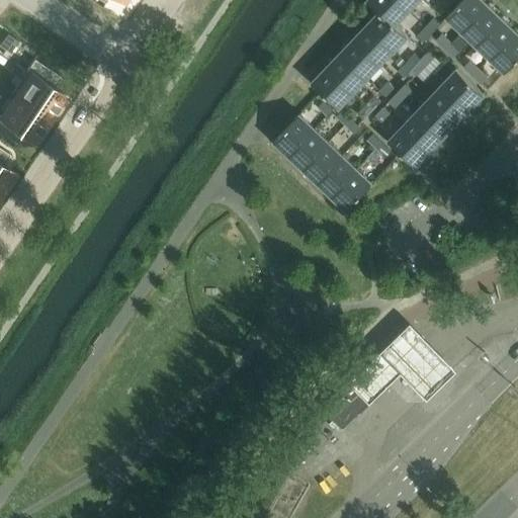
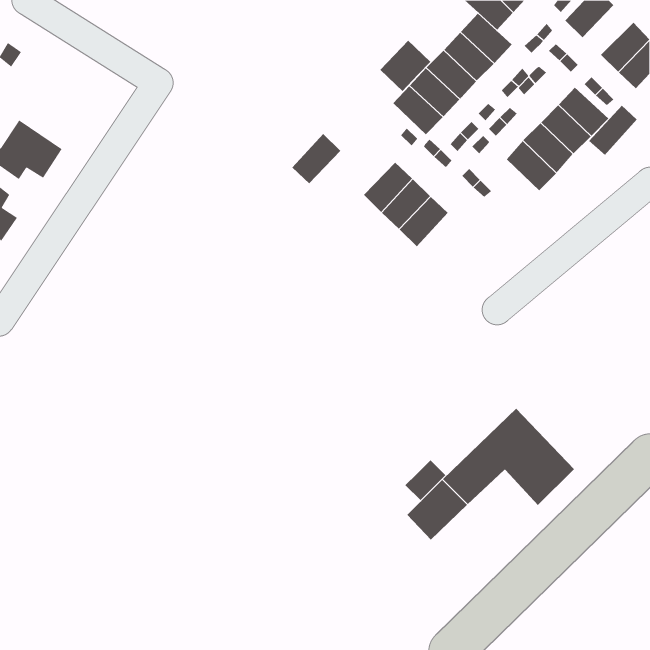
building: [462,5,503,45] -> none
building: none -> [379,40,431,92]
building: [10,61,65,119] -> none
building: none -> [588,105,638,156]
building: [274,115,314,156] -> [291,133,341,184]
building: [387,127,428,167] -> none
building: [331,170,371,210] -> none
building: none -> [405,459,446,501]

